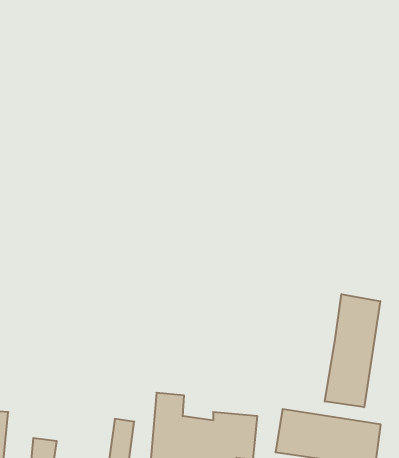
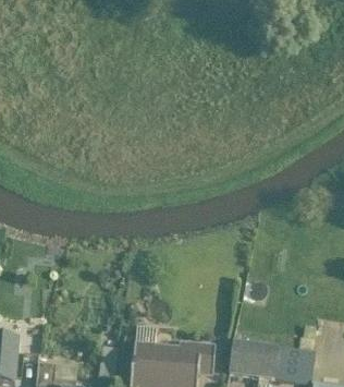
building: [325,294,380,407] -> none

